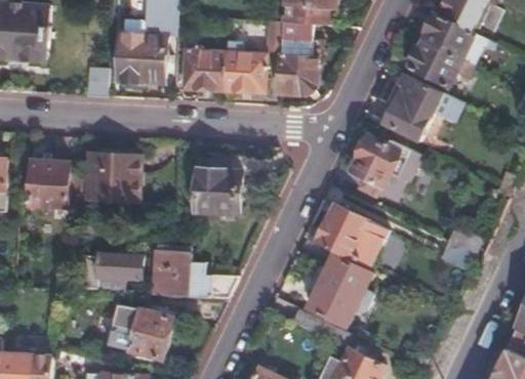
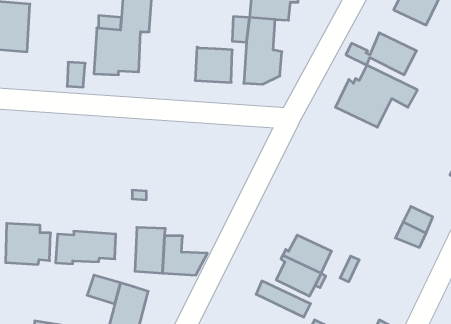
building: [421,13,492,64] -> none
building: [185,52,226,90] -> none
building: [351,137,423,201] -> none
building: [85,155,138,203] -> none
building: [194,155,240,211] -> none
building: [31,164,79,208] -> [6,223,51,264]
building: [320,204,386,267] -> none

